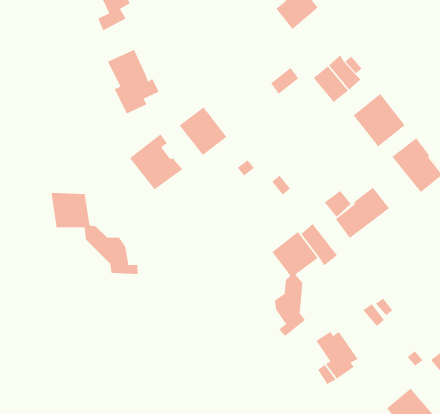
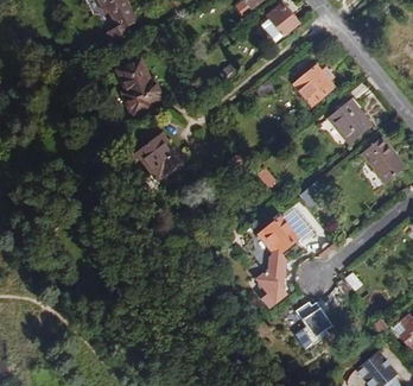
building: [179,106,227,156] -> none
building: [335,187,390,239] -> none
building: [51,192,138,275] -> none

